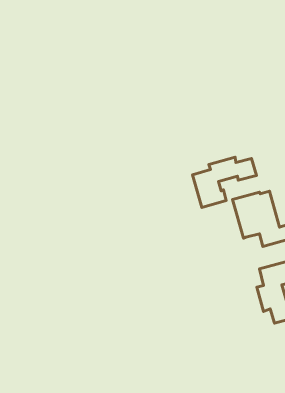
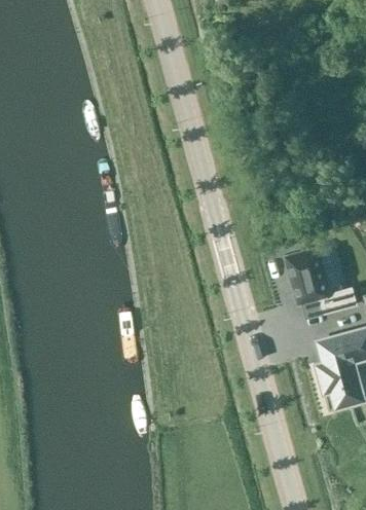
building: [193,157,257,208] -> none

